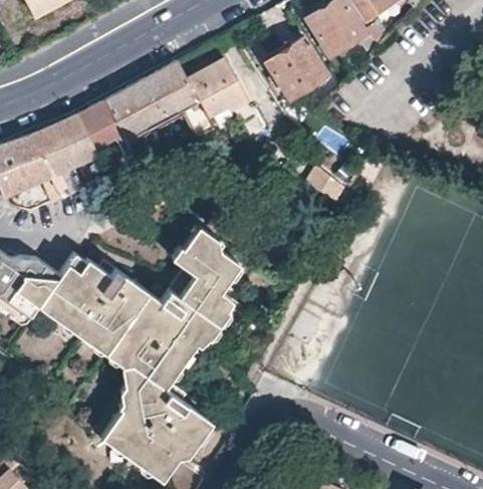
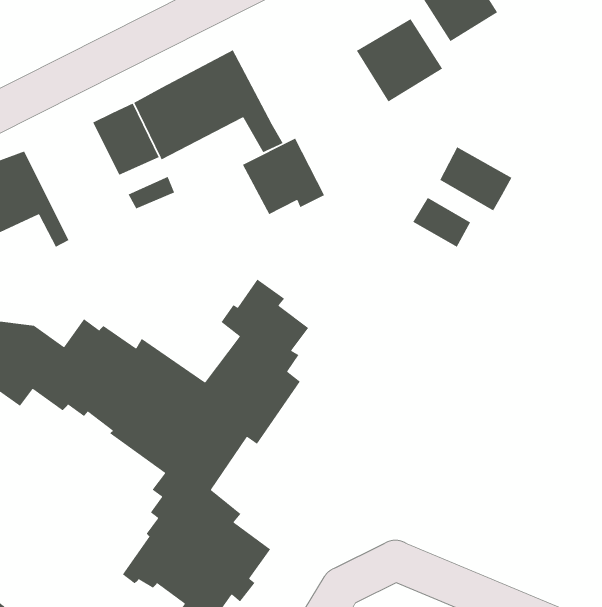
building: [188,61,247,116] -> [242,138,325,215]
building: [30,115,98,178] -> none
building: none -> [439,146,512,211]

